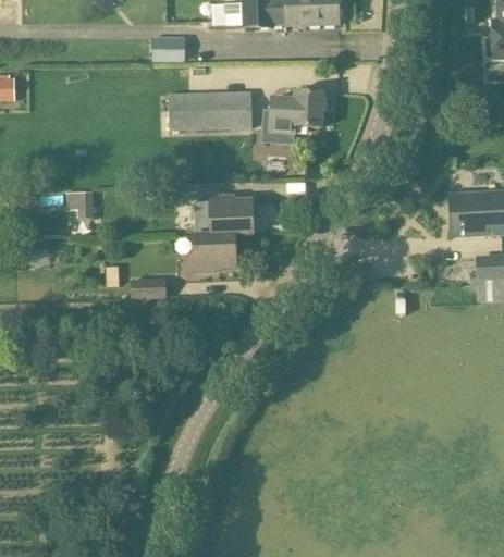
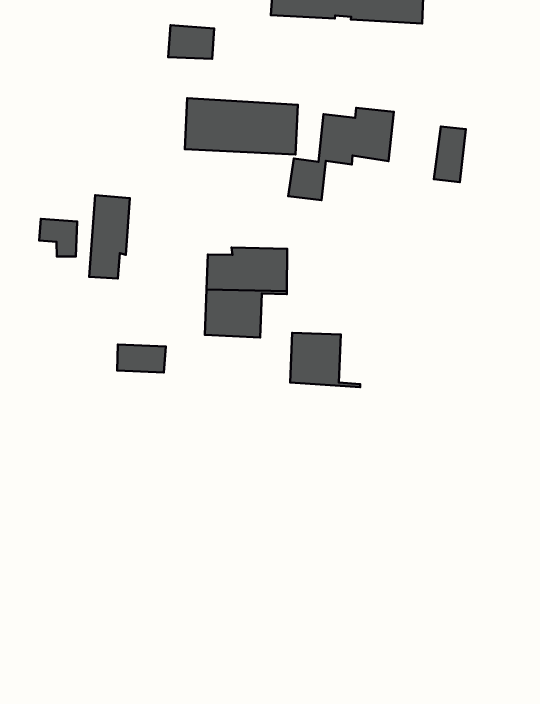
building: none -> [434,126,466,182]
building: none -> [89,195,130,279]
building: none -> [290,333,360,387]

